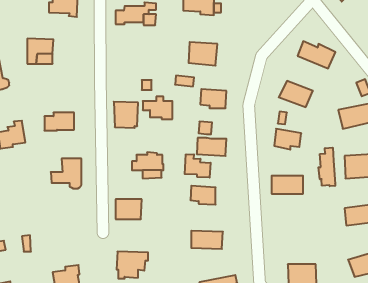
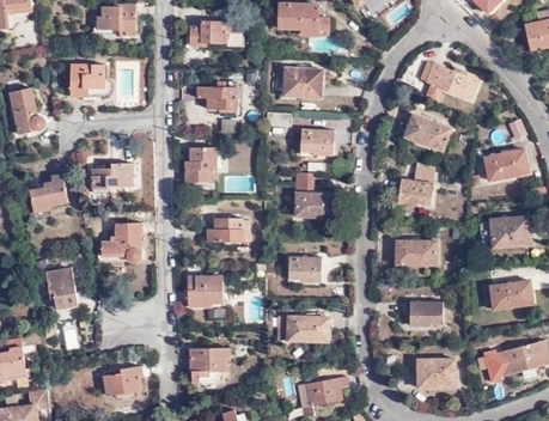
building: [143,97,172,119] -> [199,79,238,109]
building: [318,148,335,186] -> none
building: [185,154,211,178] -> none
building: none -> [48,266,79,306]
building: none -> [407,303,441,328]

